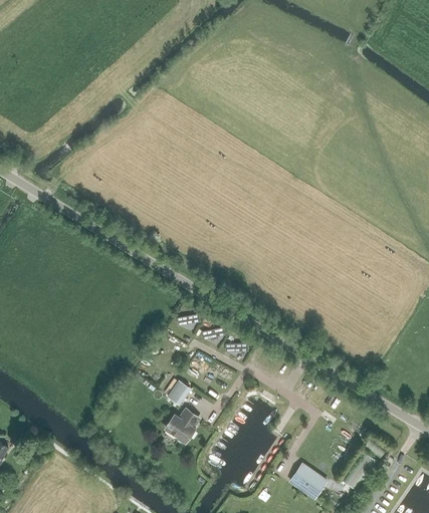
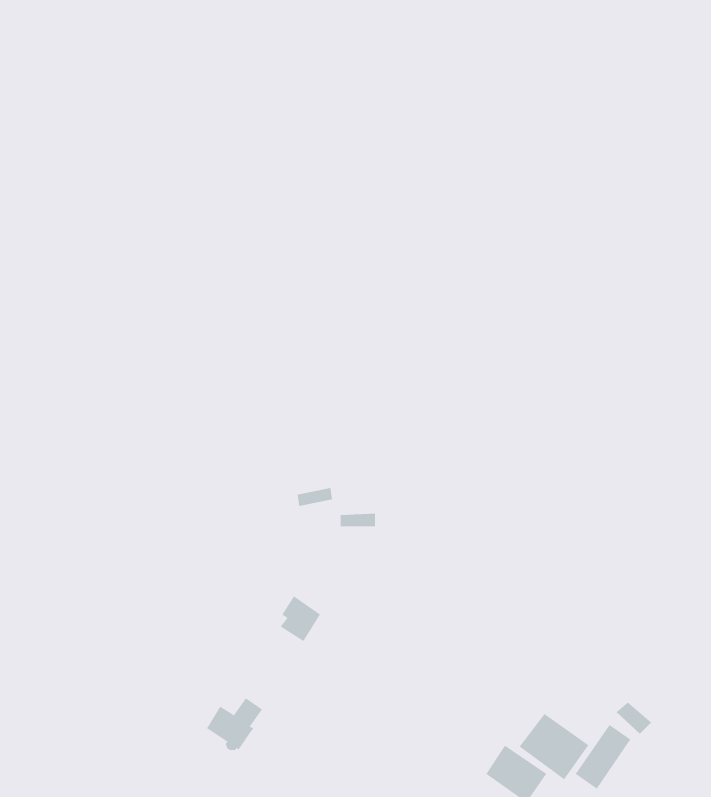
building: [166,411,199,442] -> [206,697,263,751]
building: none -> [519,713,589,780]

